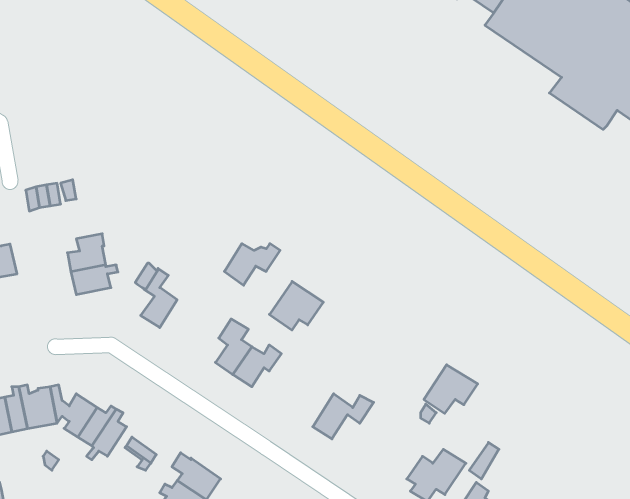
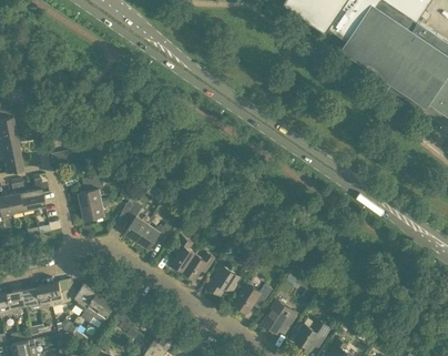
building: [224,244,280,285] -> [135,223,171,250]
building: [269,281,323,330] -> [205,264,240,295]
building: [424,365,478,413] -> [262,301,296,332]

